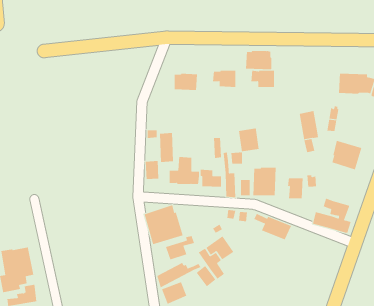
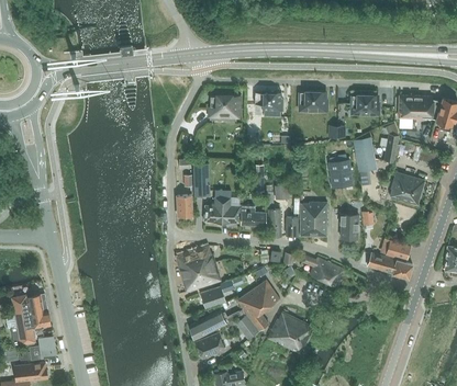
building: [245,51,272,70] -> [349,94,380,116]
building: [238,128,259,152] -> [328,160,353,188]
building: none -> [268,311,314,354]

